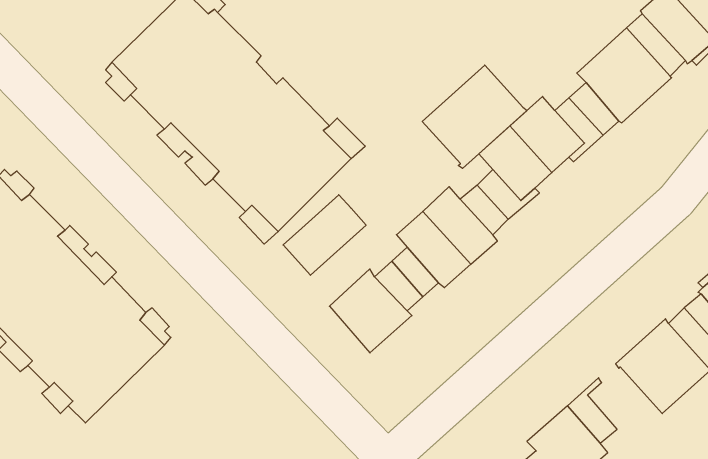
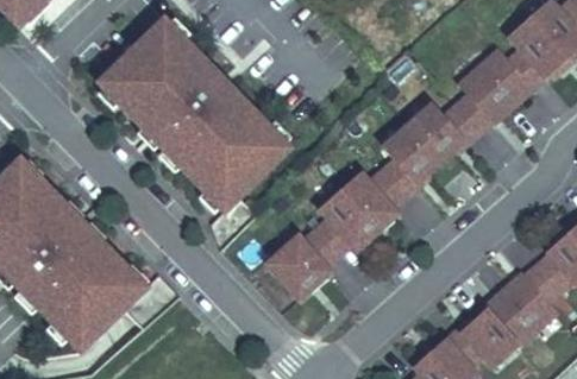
building: [422,65,527,168] -> none
building: [283,195,366,275] -> none
building: none -> [468,308,525,366]

